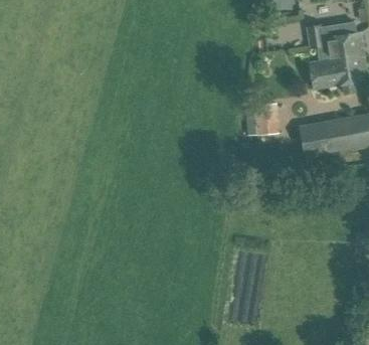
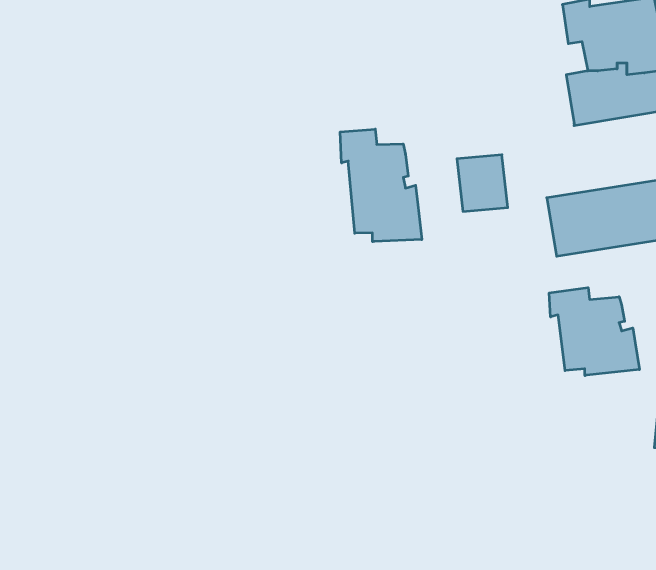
building: none -> [340,129,422,242]
building: none -> [549,288,639,376]

